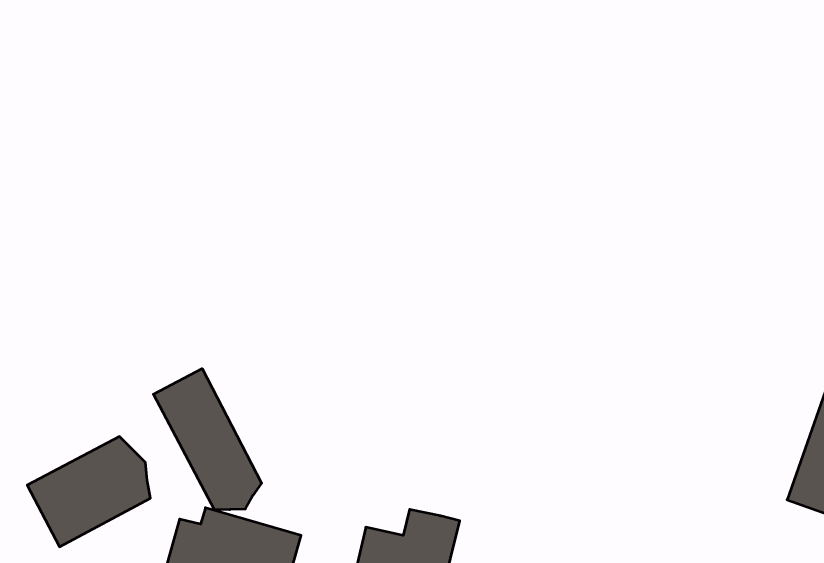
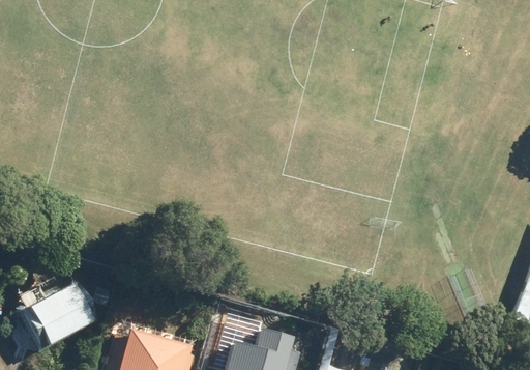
building: [153,369,262,510] -> none

